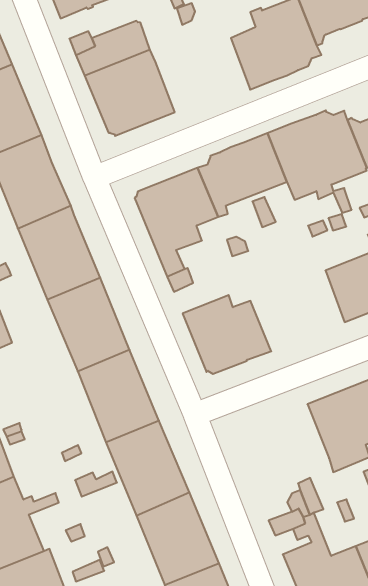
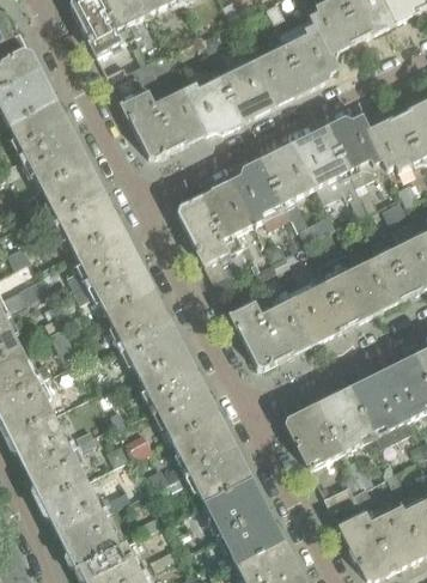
building: none -> [185,59,274,130]
building: none -> [291,263,378,341]
building: none -> [287,387,374,467]

